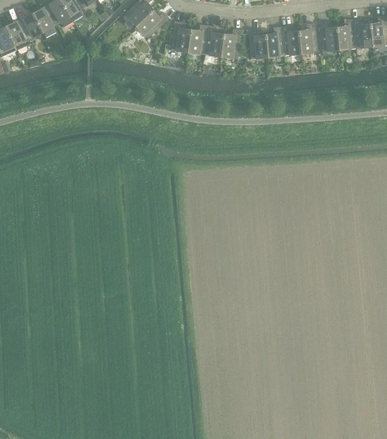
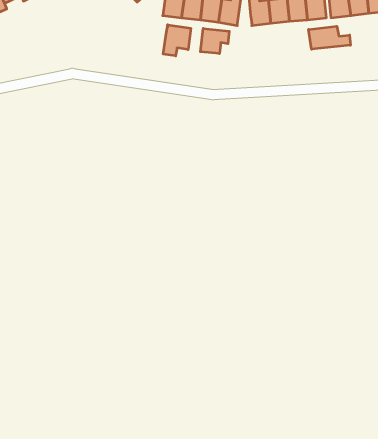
building: none -> [163,25,191,56]
building: none -> [309,26,350,49]
building: none -> [200,28,229,54]

